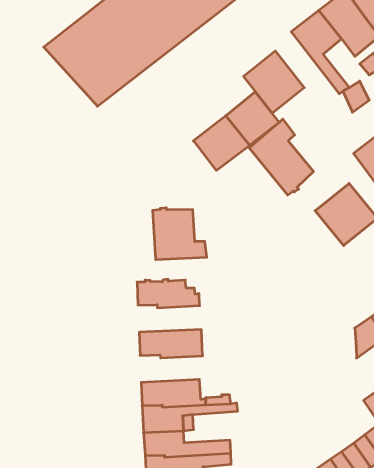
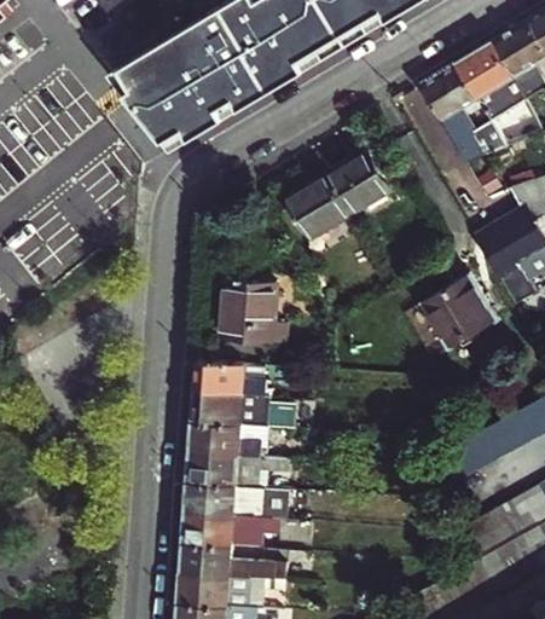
building: [244,51,304,113] -> none
building: [249,119,313,195] -> none
building: none -> [192,388,268,427]
building: none -> [187,449,290,486]

